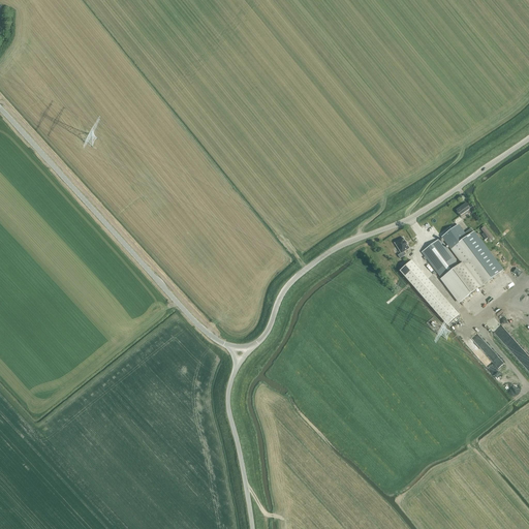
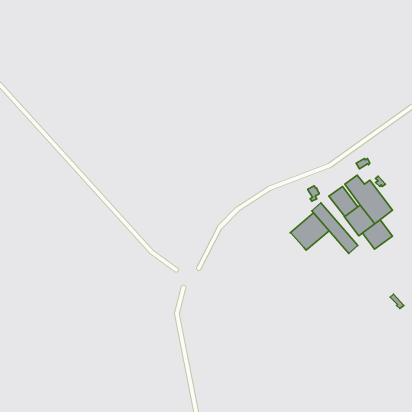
building: none -> [290,213,329,250]
building: none -> [362,220,393,249]

